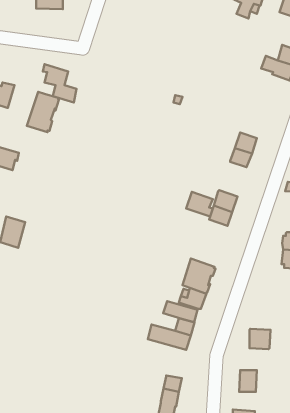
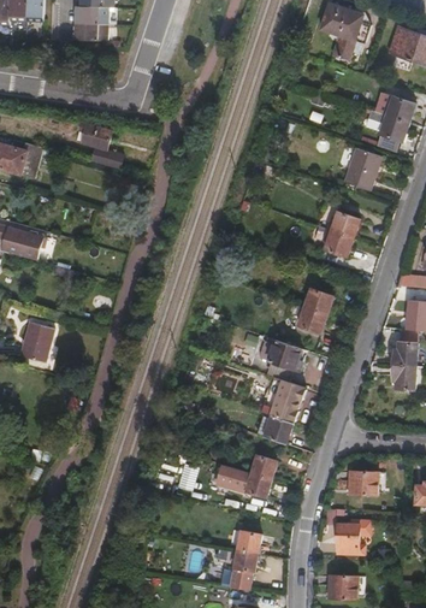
building: none -> [342,146,381,190]
building: [27,92,59,132] -> none
building: [186,192,213,217] -> [266,340,301,372]
building: [163,301,198,322] -> none

